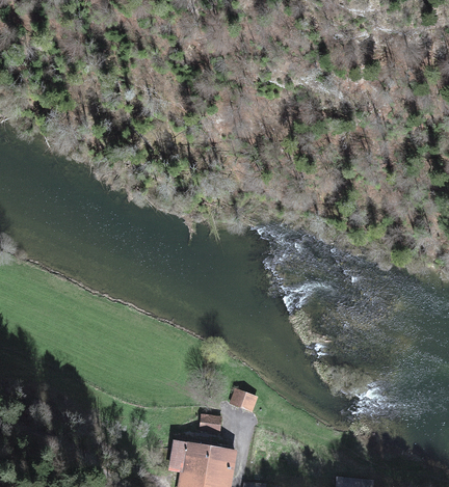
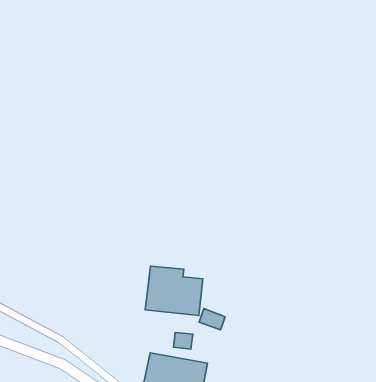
building: none -> [145,266,203,316]

